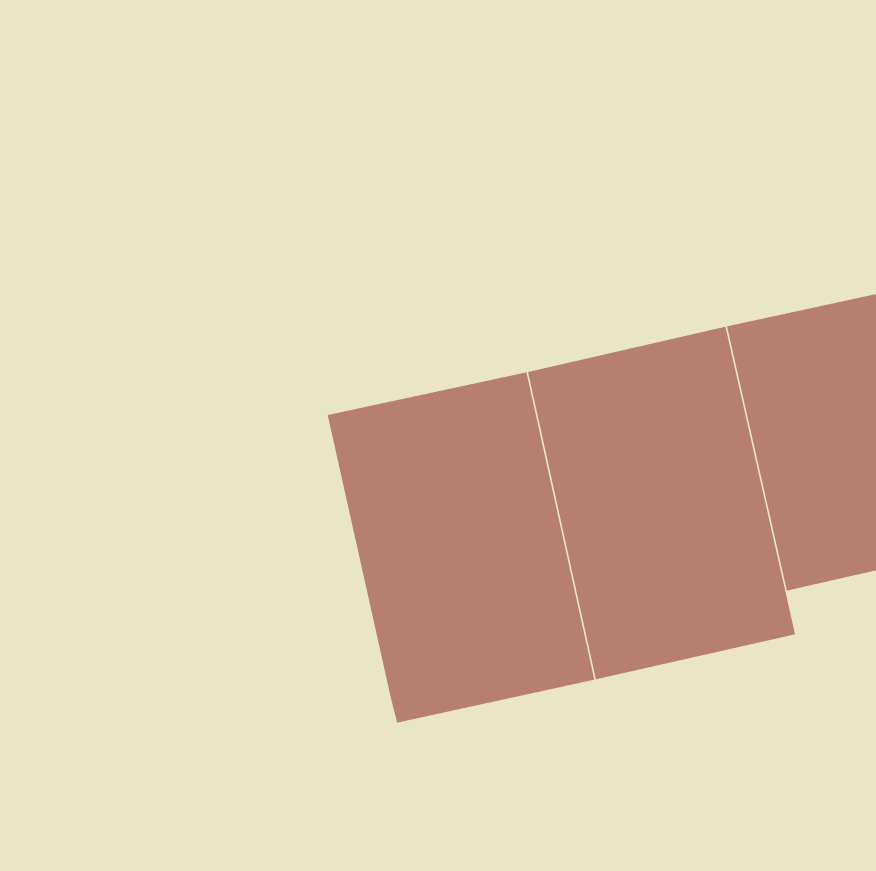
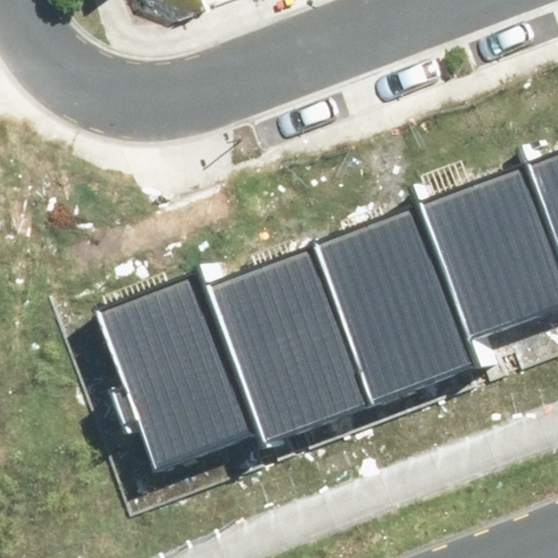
building: none -> [105,282,267,472]

